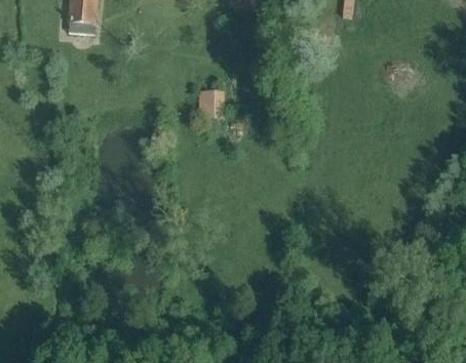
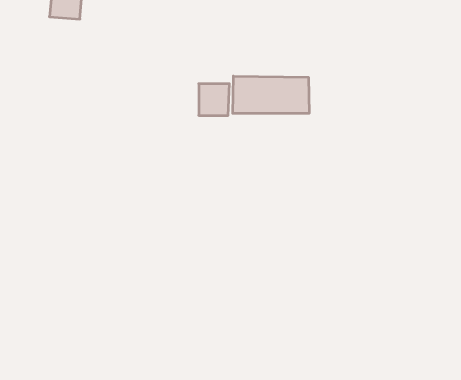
building: none -> [233,76,309,113]

